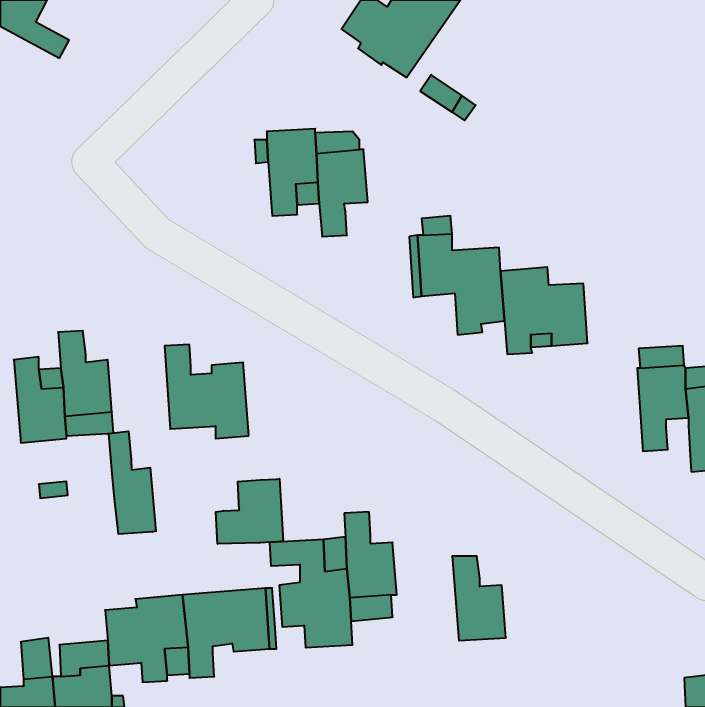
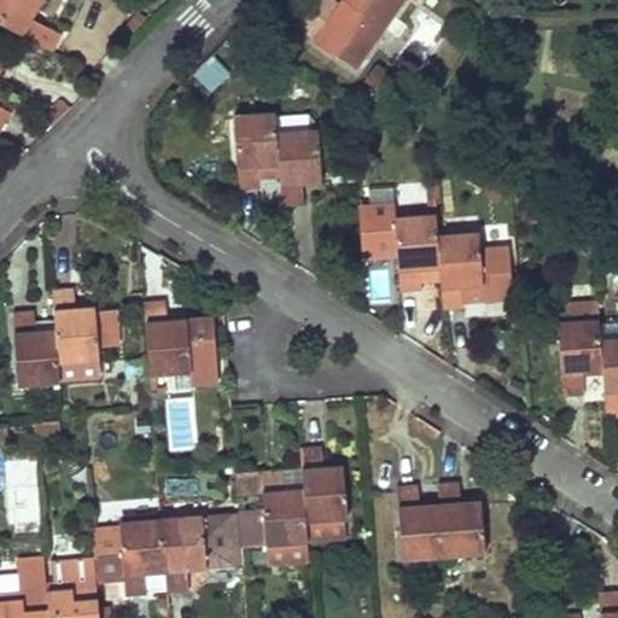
building: [109,431,156,534] -> none
building: [216,479,283,544] -> none
building: none -> [437,482,484,556]

